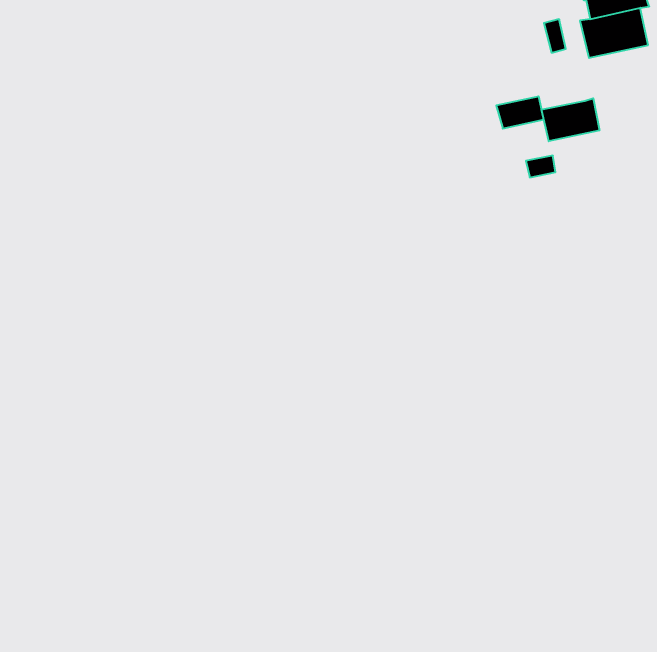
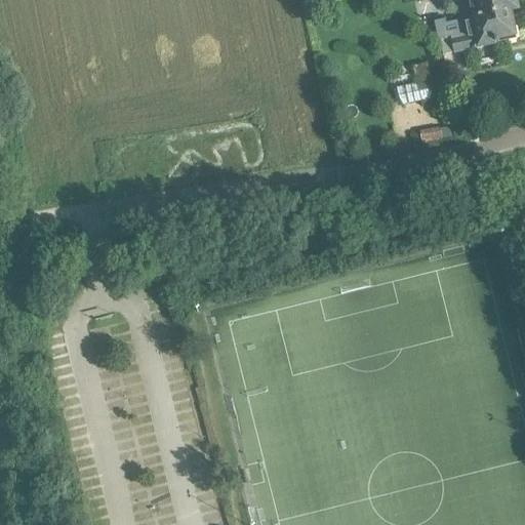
building: [542,98,599,141] -> none

